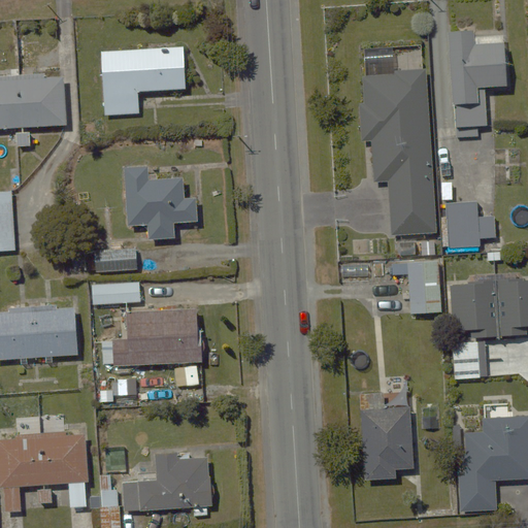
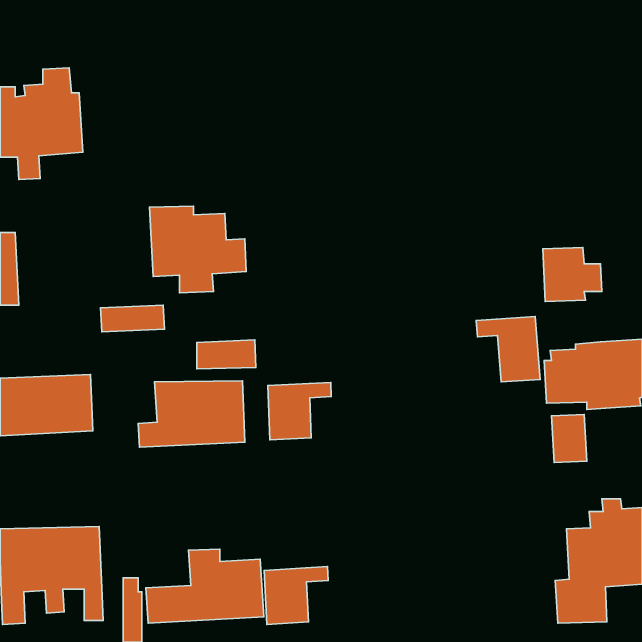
building: [451,31,503,128] -> none
building: [100,47,189,116] -> none
building: [359,68,439,256] -> none
building: [94,280,142,304] -> [197,340,256,369]
building: none -> [268,382,331,440]
building: [360,406,415,480] -> none
building: none -> [264,566,328,624]

